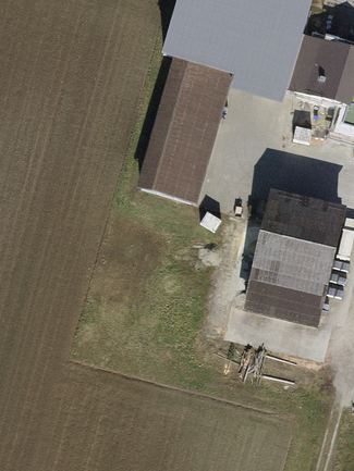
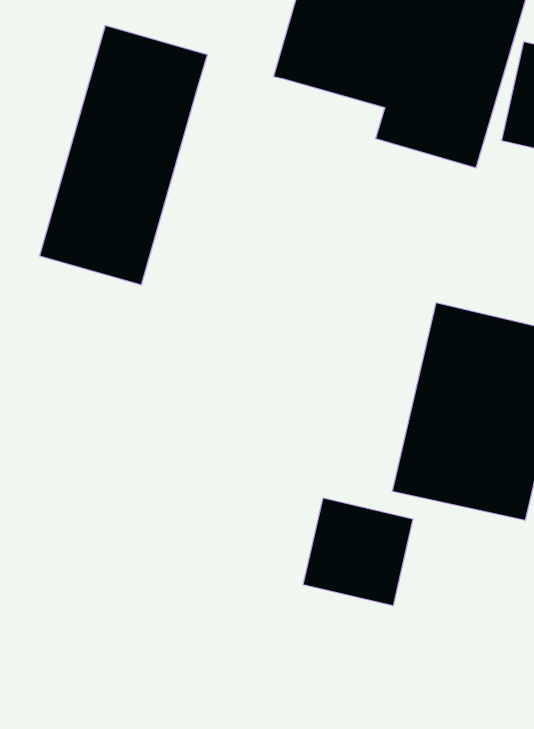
building: [134,55,234,210] -> [39,26,207,285]
building: none -> [303,498,413,606]

